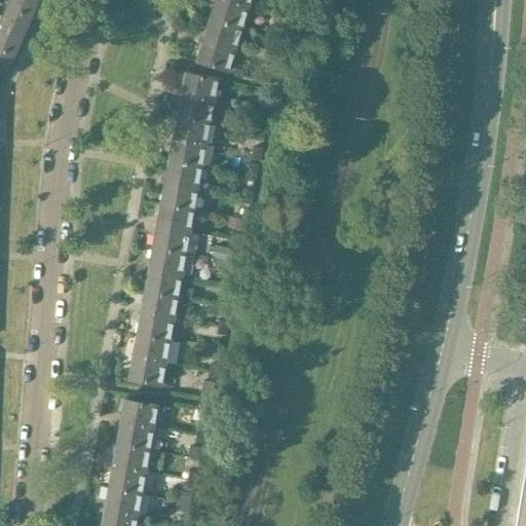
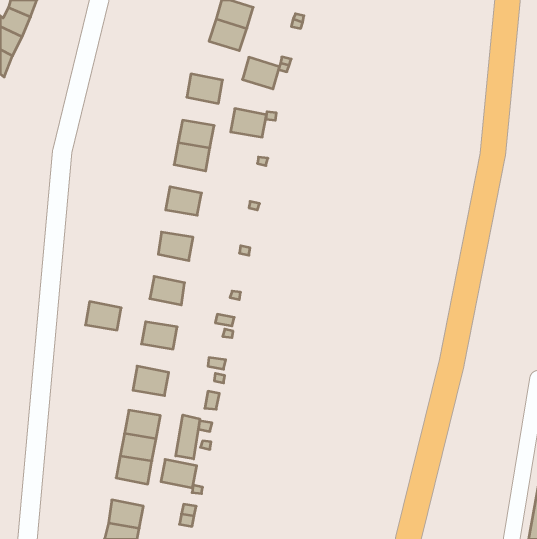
building: [199,40,235,71] -> [242,57,279,89]
building: [180,95,215,122] -> [231,109,266,137]
building: [167,160,202,188] -> none
building: [159,204,194,231] -> none
building: [152,248,186,275] -> none
building: [144,291,179,318] -> [85,302,121,330]
building: [136,335,171,363] -> none
building: none -> [176,415,200,459]
building: [111,465,146,493] -> [161,459,197,488]

